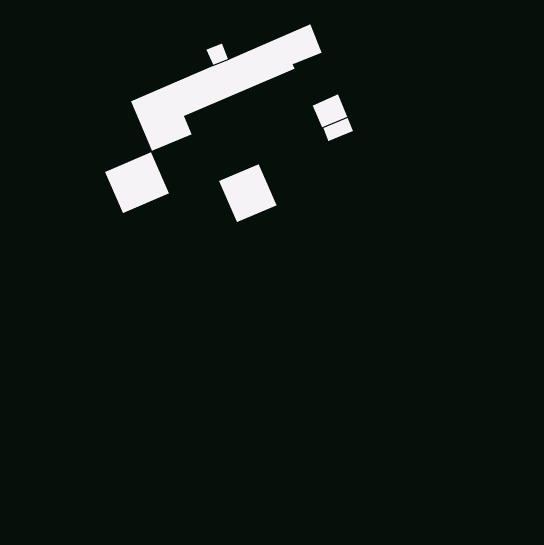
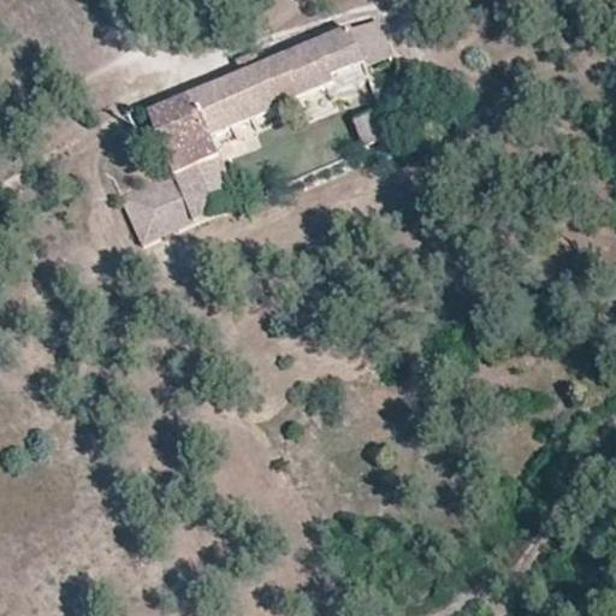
building: none -> [348,14,392,64]
building: [218,164,277,223] -> [170,150,236,217]

